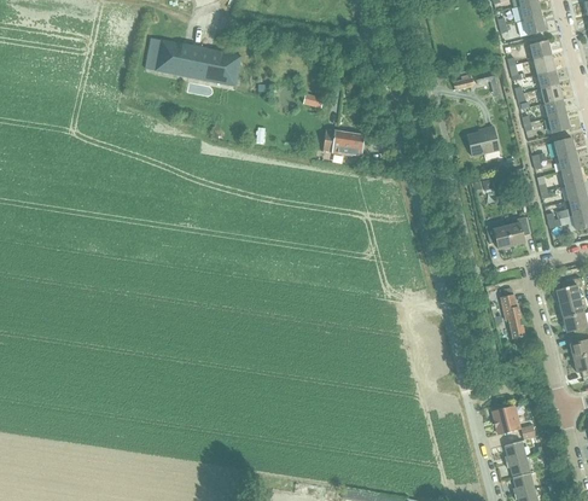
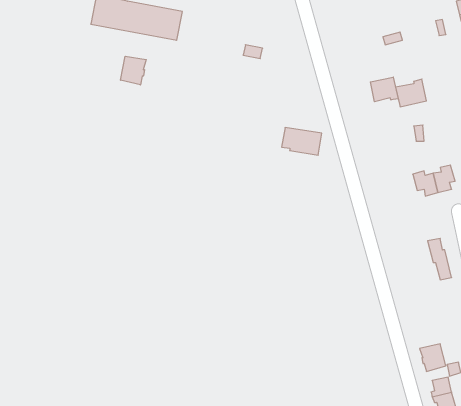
building: none -> [121,56,146,85]
building: none -> [370,77,398,102]
building: [322,128,365,157] -> [282,128,322,155]

